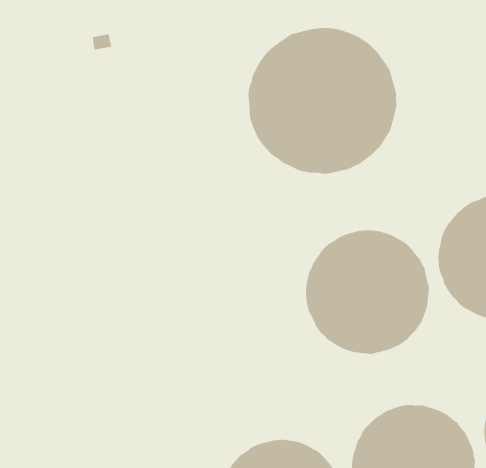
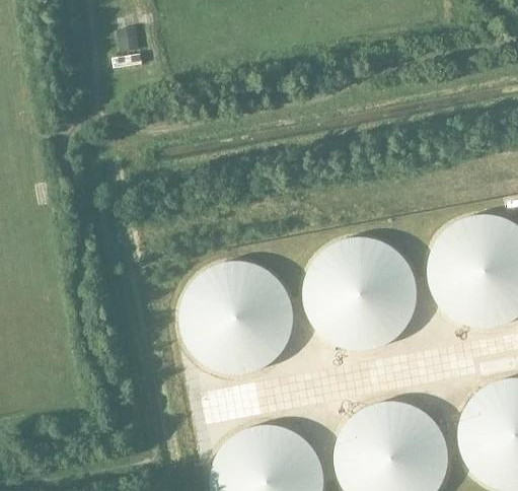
building: [248,27,397,174] -> none
building: none -> [178,261,293,374]

